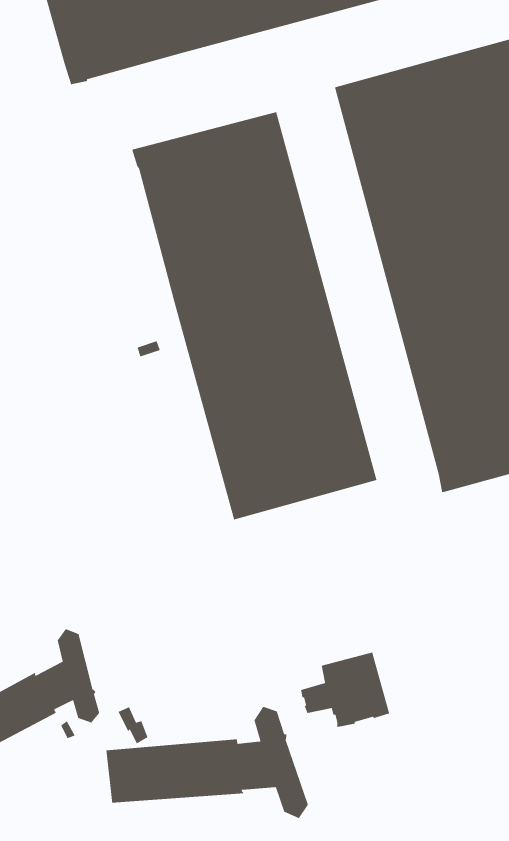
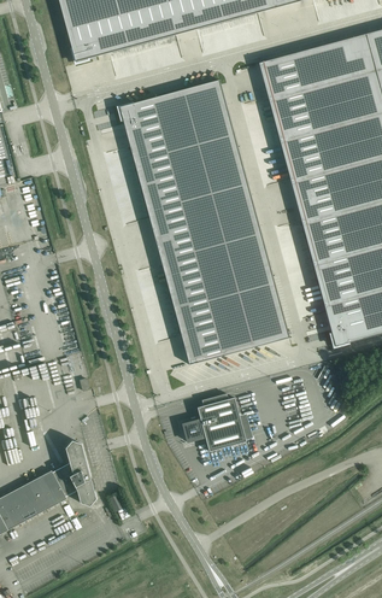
building: [300,651,390,728] -> [183,397,246,450]
building: [105,706,309,819] -> none

